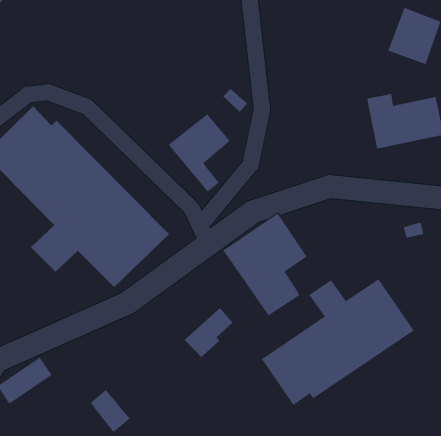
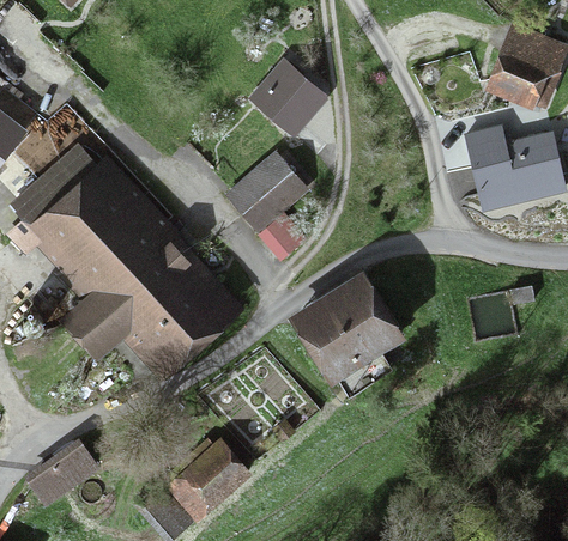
building: none -> [256,68,319,130]
building: [261,278,415,406] -> none
building: [184,307,233,358] -> [175,456,234,516]

